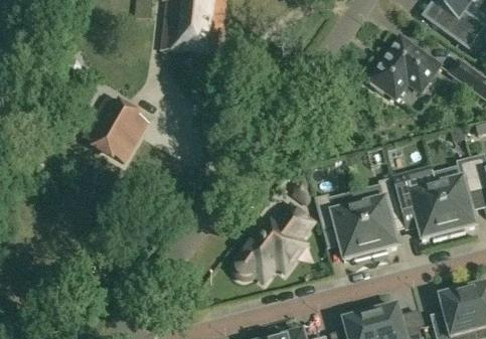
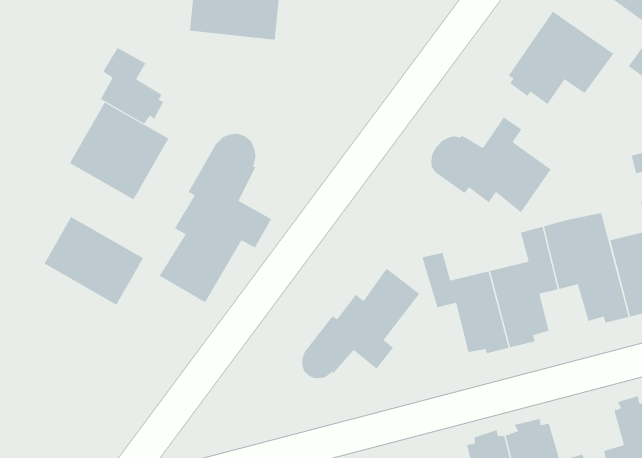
building: none -> [100,47,164,124]
building: none -> [431,117,552,213]
building: none -> [159,133,272,303]
building: none -> [44,216,144,305]

